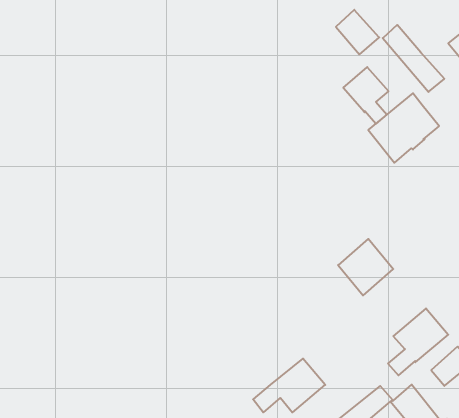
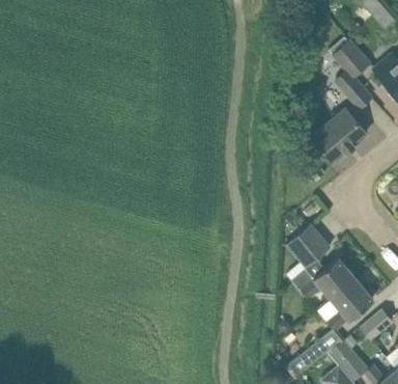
building: [336,10,379,54] -> [333,40,367,76]
building: [343,67,388,124] -> none
building: [253,359,325,412] -> [298,257,356,300]

